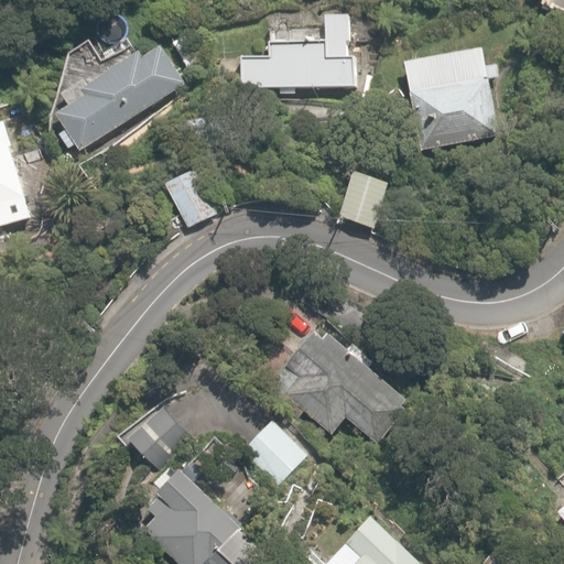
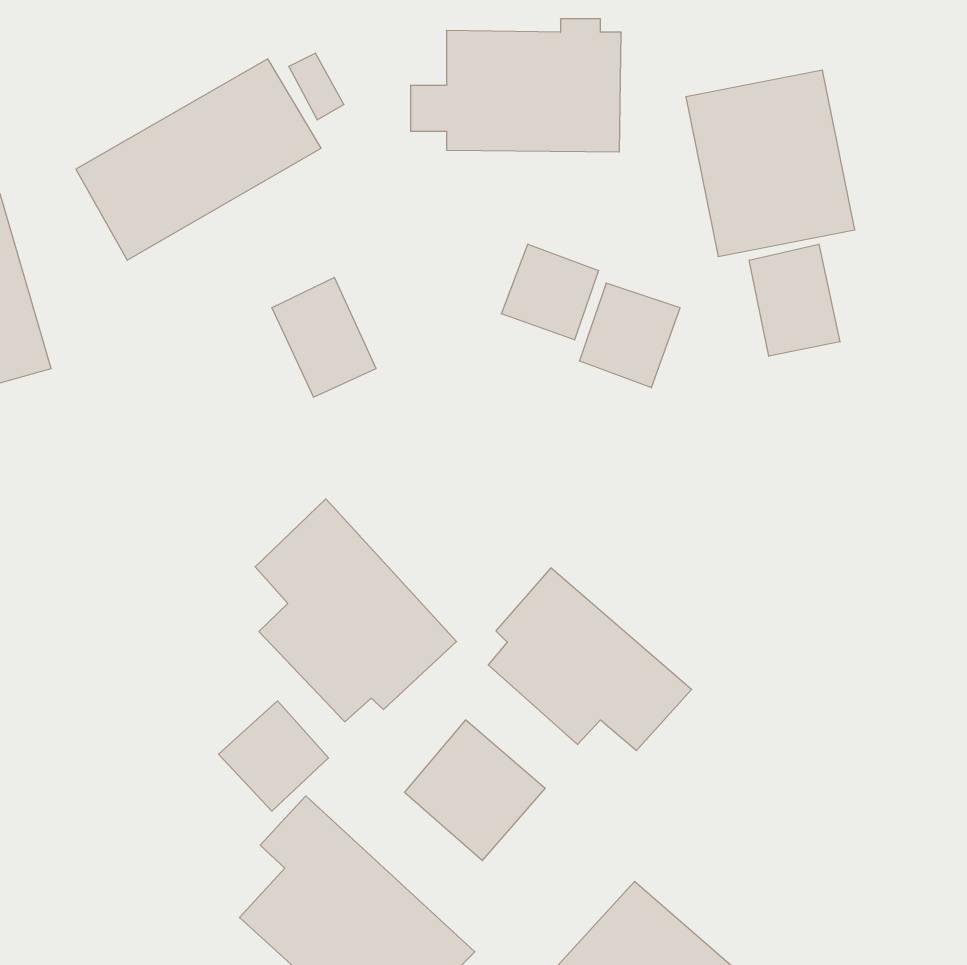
building: none -> [501,244,599,340]
building: none -> [749,244,840,356]
building: none -> [255,499,457,722]

